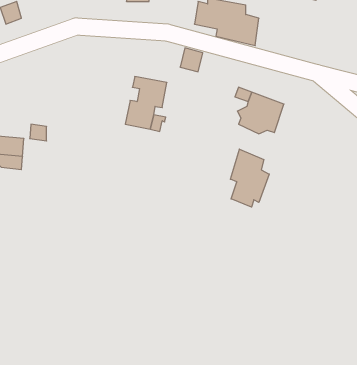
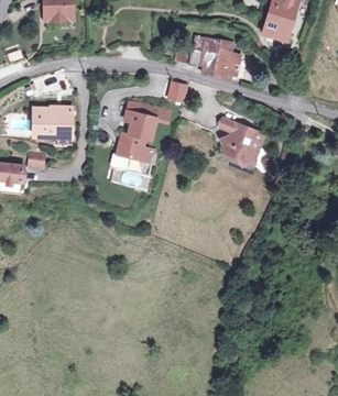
building: none -> [34,107,74,135]
building: [230,149,269,207] -> none

